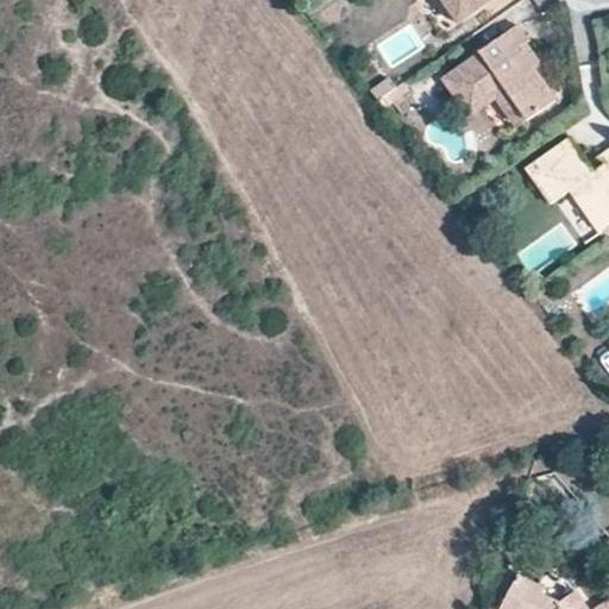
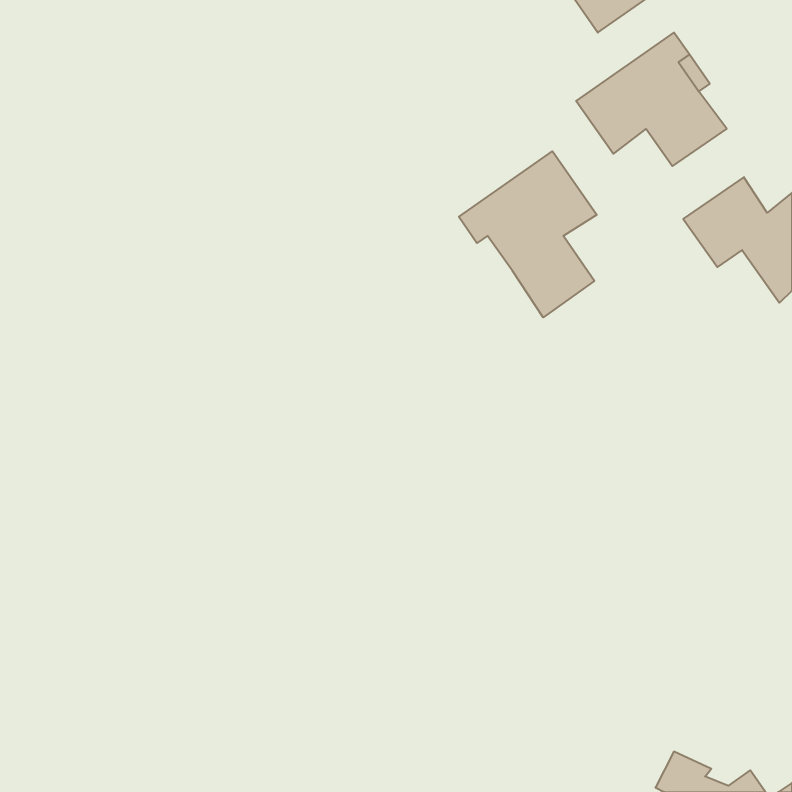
building: none -> [459,151,597,317]

